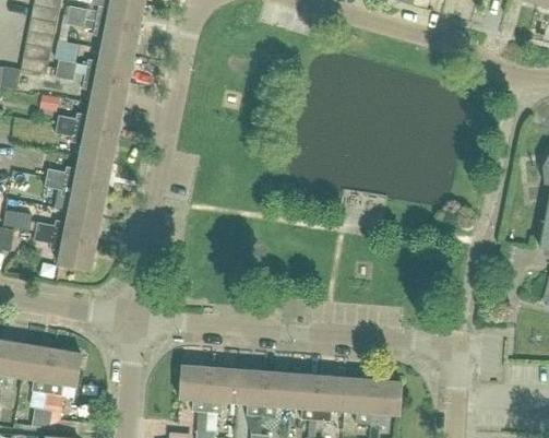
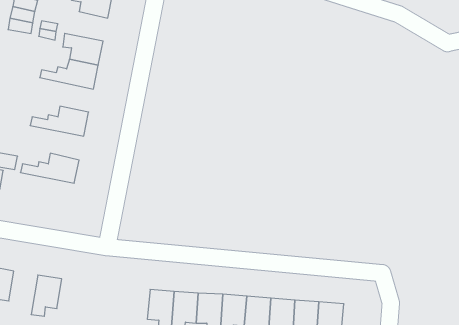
building: [84,48,133,82] -> none
building: [53,123,117,163] -> none
building: [44,178,106,217] -> none
building: [33,232,95,271] -> none
building: [21,344,53,393] -> none

